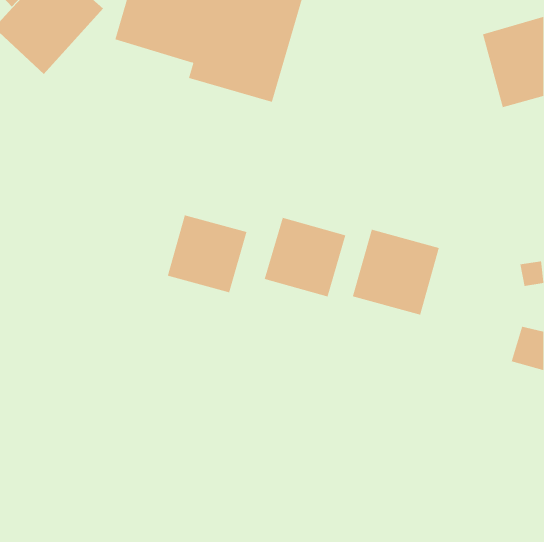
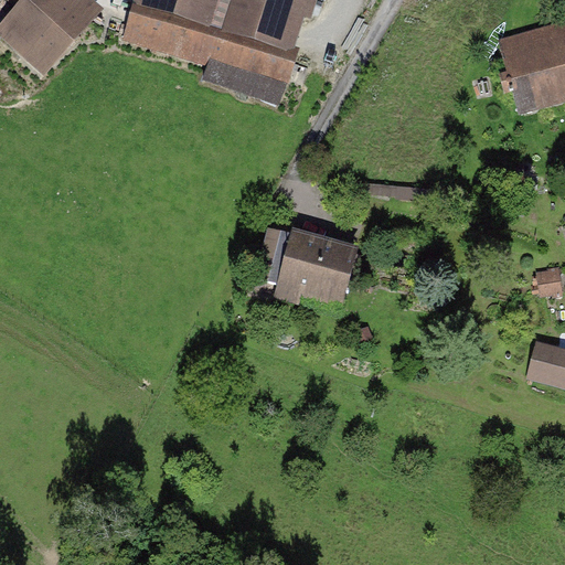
building: [167,214,247,293] -> none
building: [352,229,440,315] -> none

